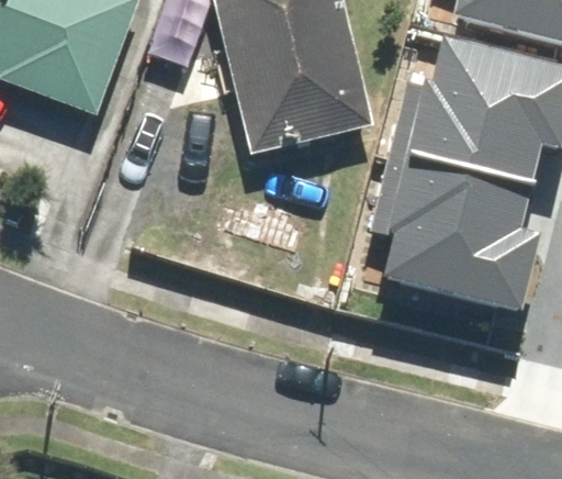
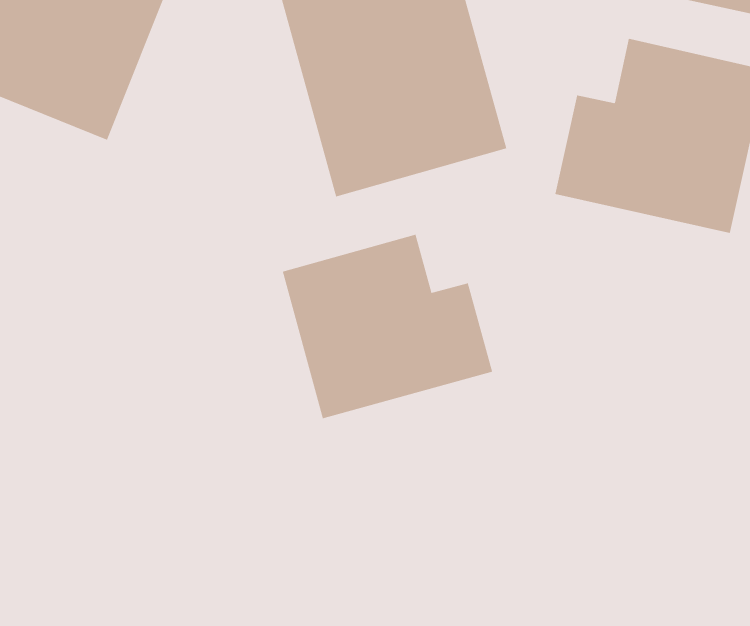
building: [391,154,528,291] -> none
building: none -> [282,234,493,419]

